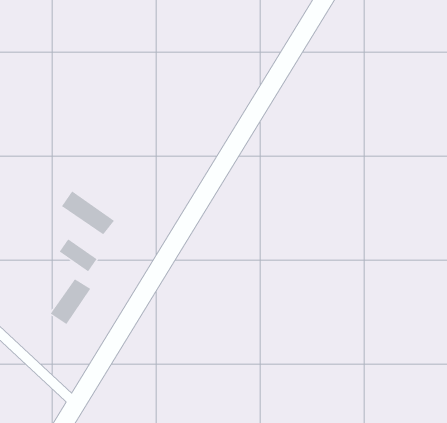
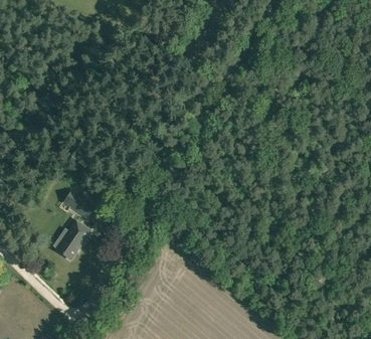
building: [61,191,115,235] -> none

